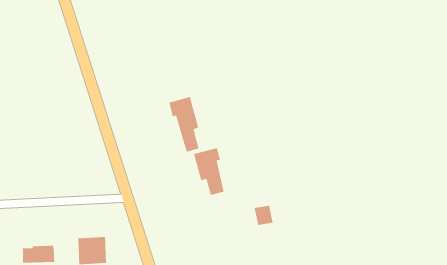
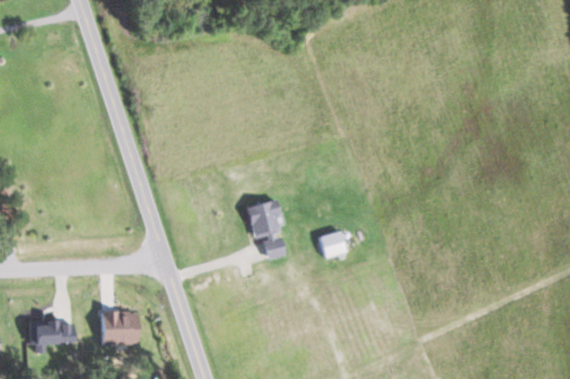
building: [169,96,199,153] -> none
building: [254,205,274,226] -> [322,231,346,256]

